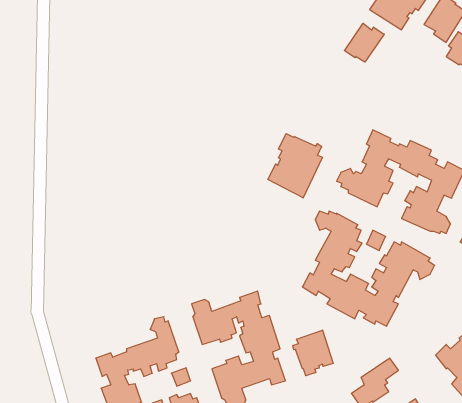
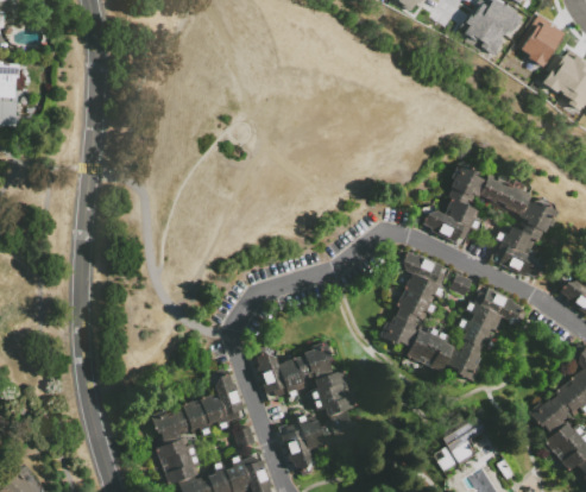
building: [344,23,384,62] -> none
building: [268,134,323,198] -> none
building: [293,330,333,376] -> none

